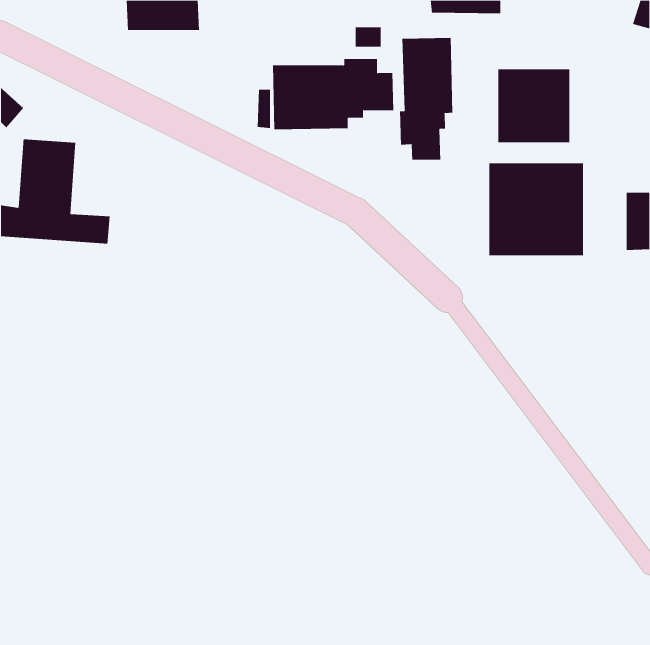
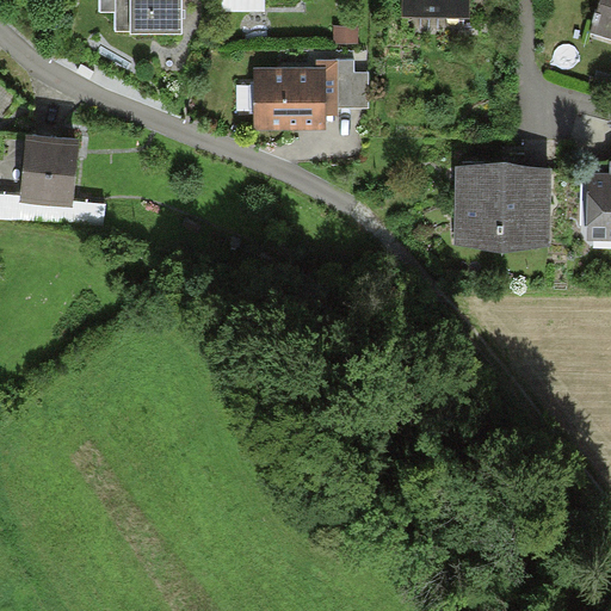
building: [399,37,453,160] -> none
building: [498,68,570,143] -> none

